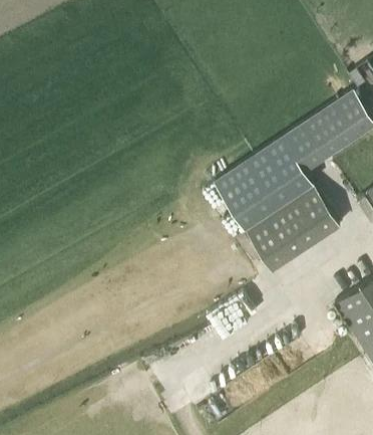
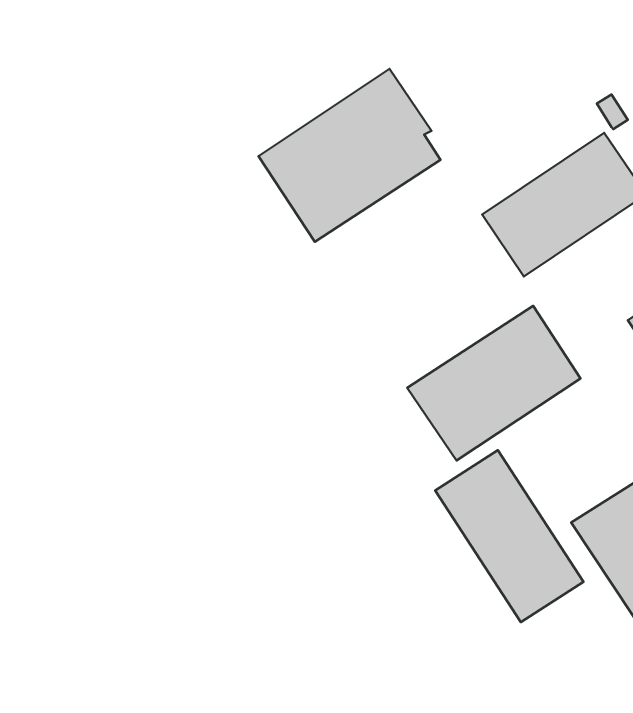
building: [213,135,313,230] -> [258,69,441,242]
building: none -> [435,450,584,622]

